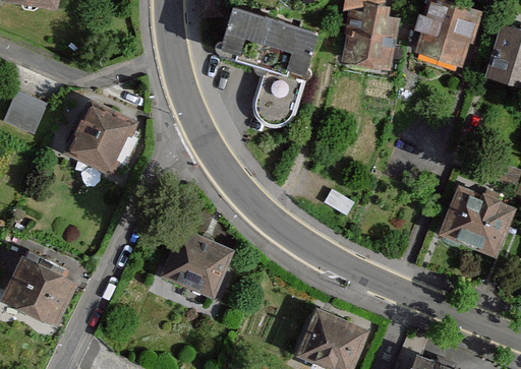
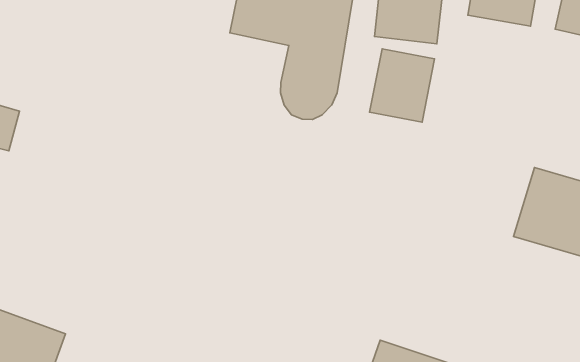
building: none -> [369,49,435,122]
building: [57,99,129,173] -> none
building: [167,232,240,302] -> none

